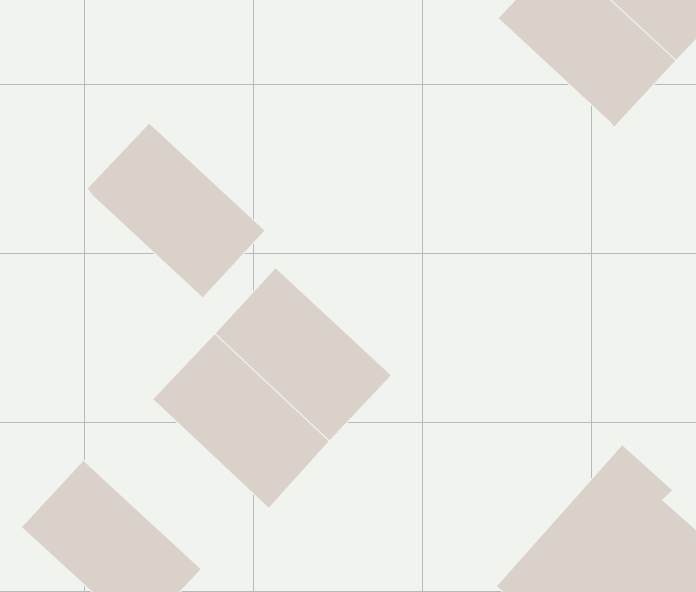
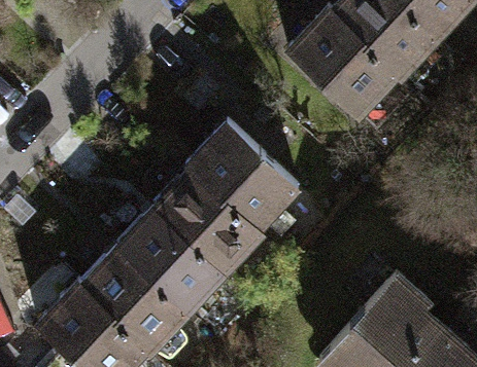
building: none -> [283,13,393,120]
building: [87,123,265,298] -> [185,124,295,231]
building: none -> [75,249,184,356]

